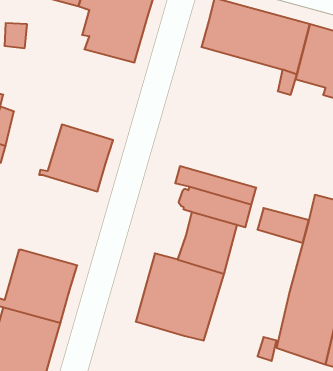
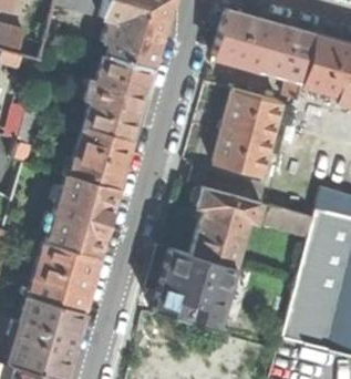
building: none -> [85,57,153,142]
building: none -> [217,90,281,175]
building: none -> [47,174,118,258]

